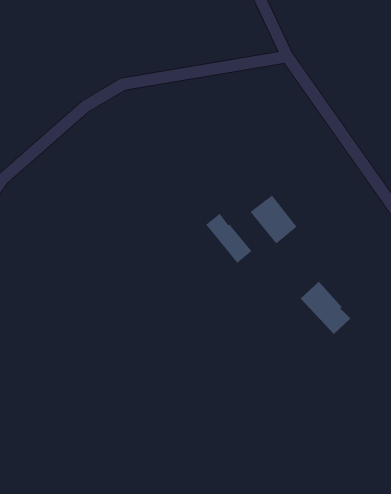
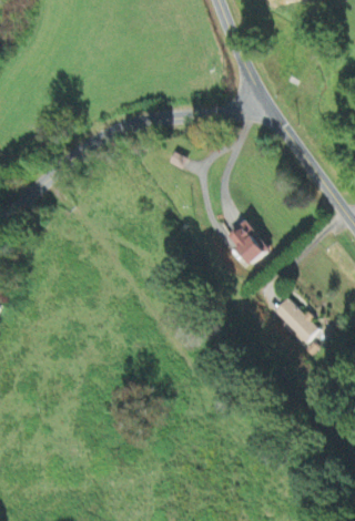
building: [205,213,253,264] -> none

